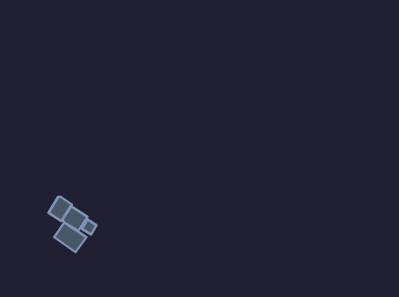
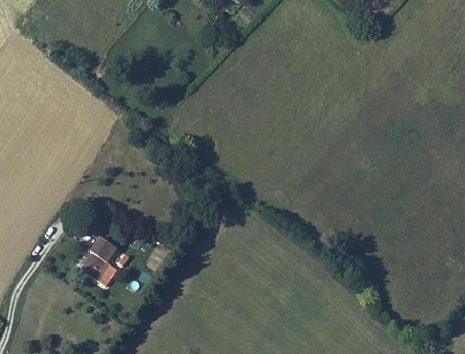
building: [48,197,72,221] -> none

